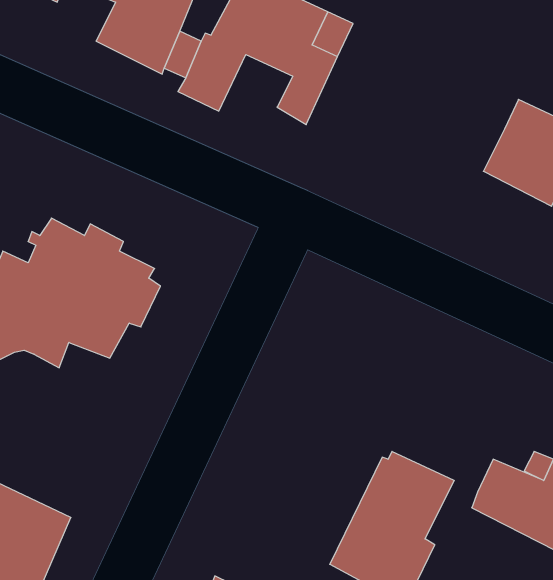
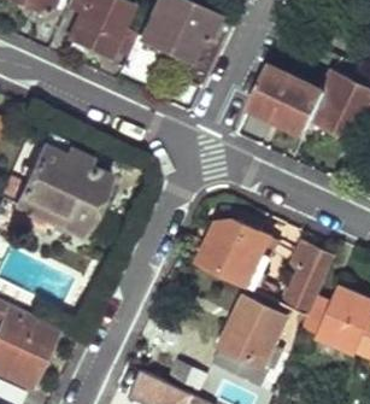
building: none -> [248,64,324,137]
building: none -> [199,217,334,316]

